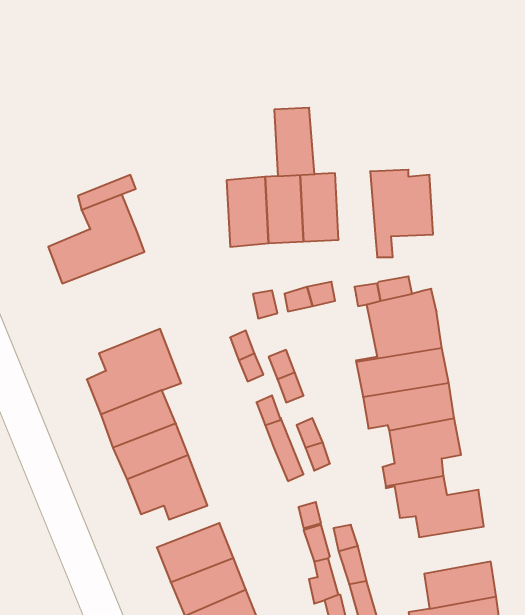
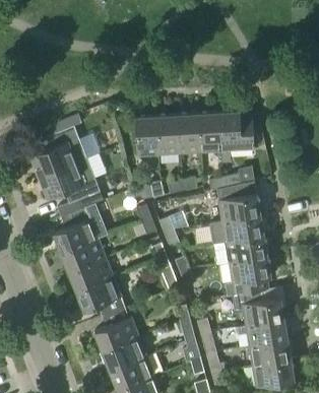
building: [274,108,315,176] -> [197,113,220,152]
building: none -> [39,159,103,218]
building: none -> [246,319,288,346]

